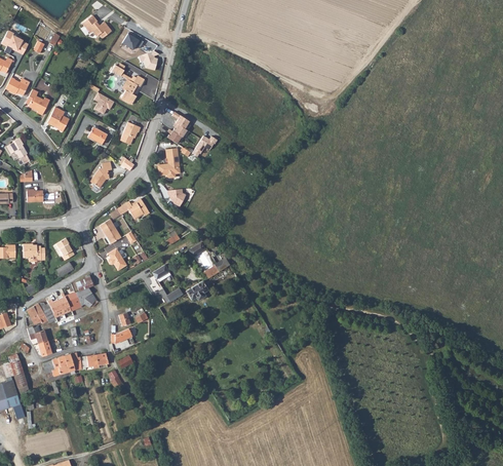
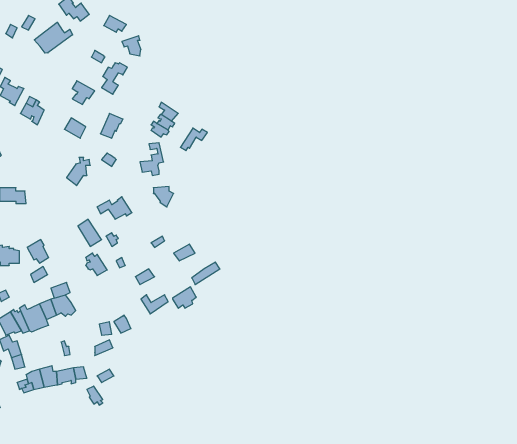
building: none -> [34,22,73,53]

